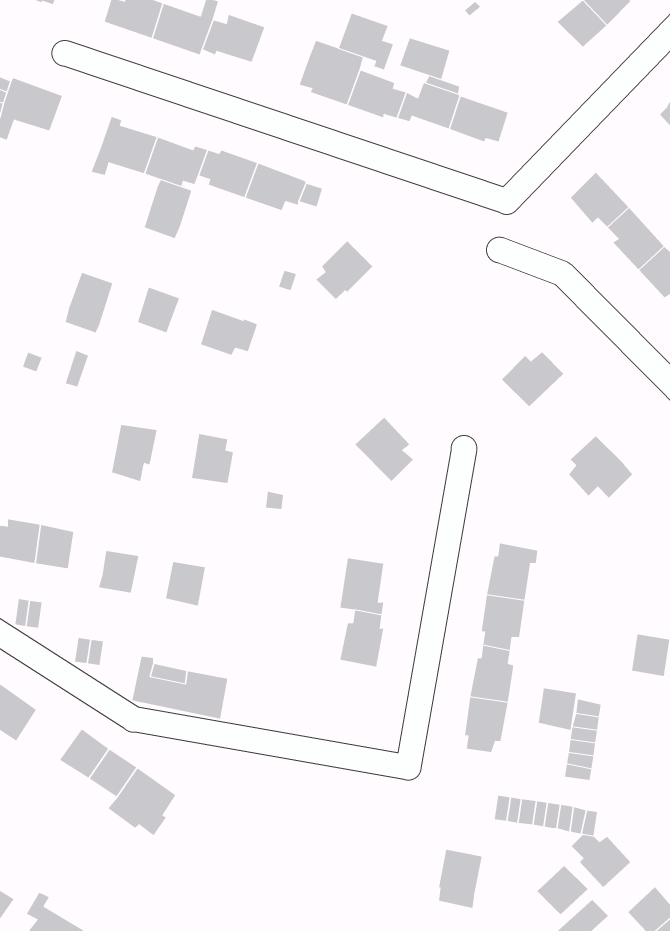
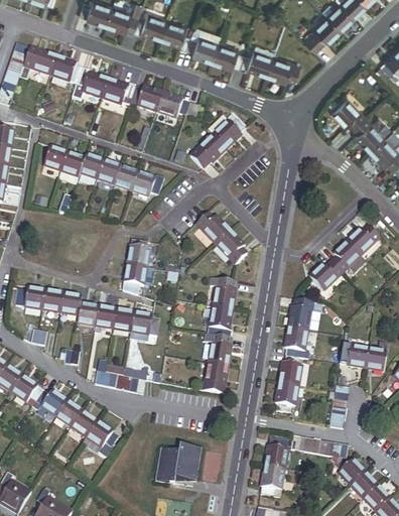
building: [338,13,394,70] -> [159,18,189,49]
building: none -> [303,15,339,50]
building: [400,37,450,80] -> none
building: none -> [49,55,83,84]
building: [144,179,192,239] -> [77,153,103,185]
building: none -> [207,114,244,148]
building: none -> [42,145,66,170]
building: none -> [113,165,137,190]
building: [501,352,564,407] -> [346,225,380,255]
building: none -> [194,212,231,245]
building: [111,424,158,482] -> [121,263,146,294]
building: none -> [308,261,342,291]
building: none -> [211,277,235,309]
building: none -> [59,292,81,315]
building: none -> [93,305,116,333]
building: none -> [129,311,151,343]
building: none -> [203,362,227,394]
building: [538,688,577,730] -> [347,345,368,368]
building: none -> [31,389,66,416]
building: none -> [264,437,287,469]
building: none -> [154,444,201,483]
building: [536,865,588,915] -> [350,472,378,499]

